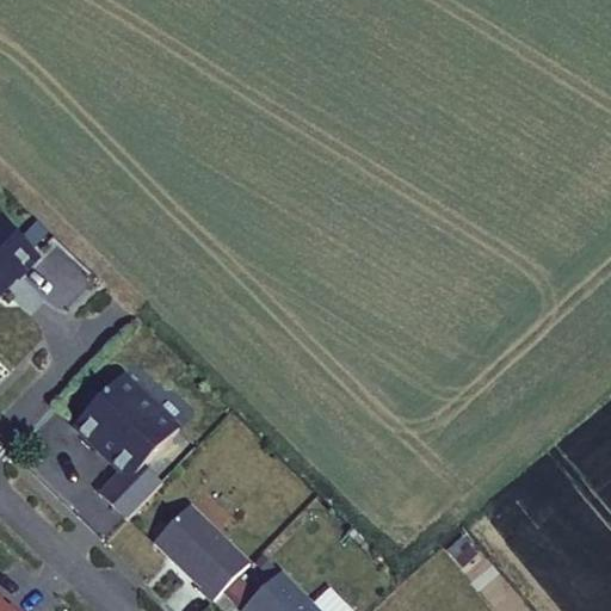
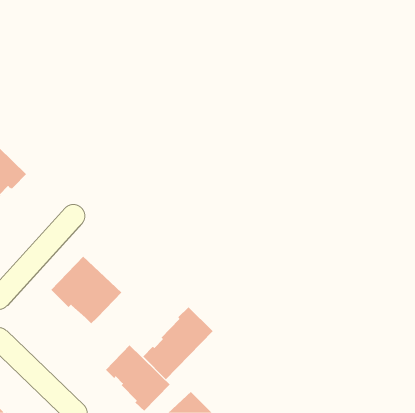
building: none -> [142,306,214,380]
building: [98,465,162,520] -> none

